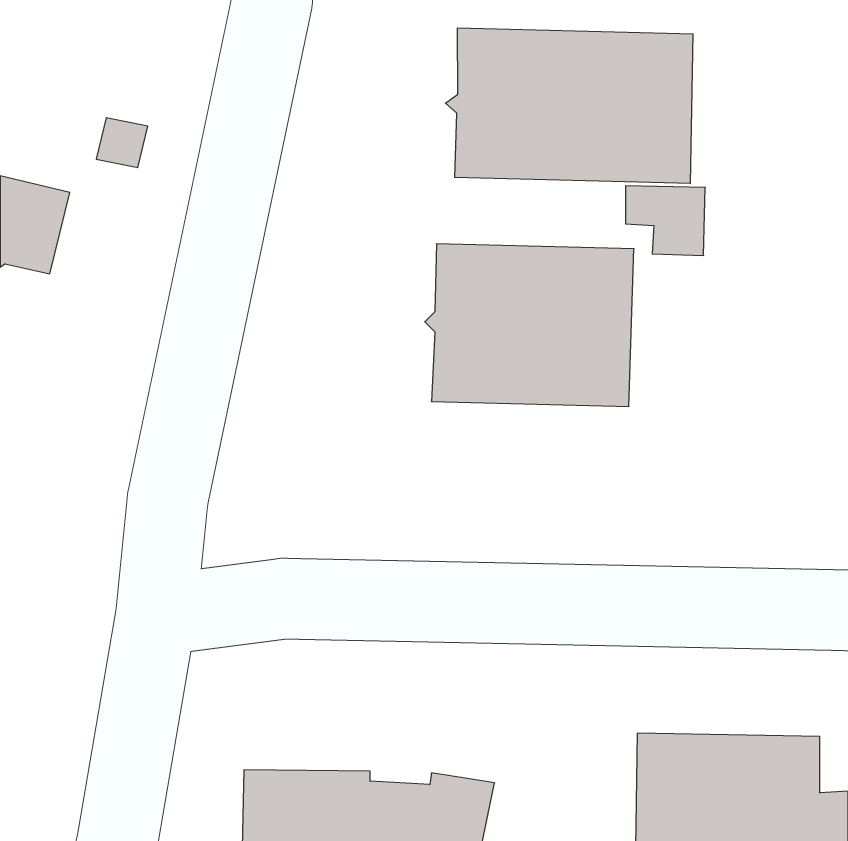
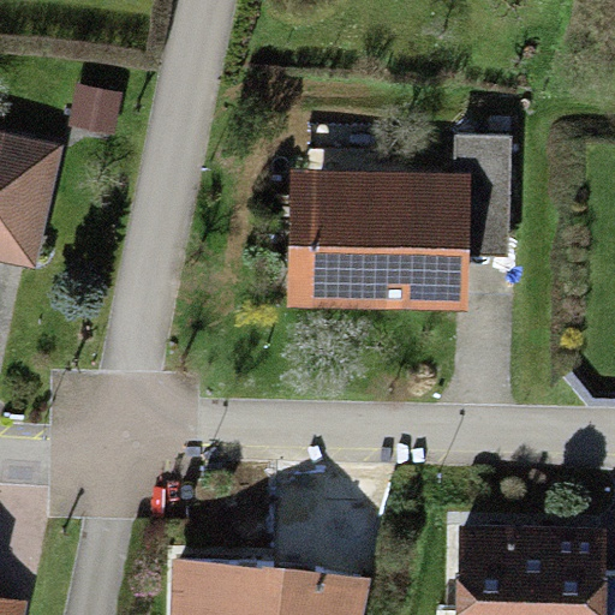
building: [445,28,693,184] -> none

